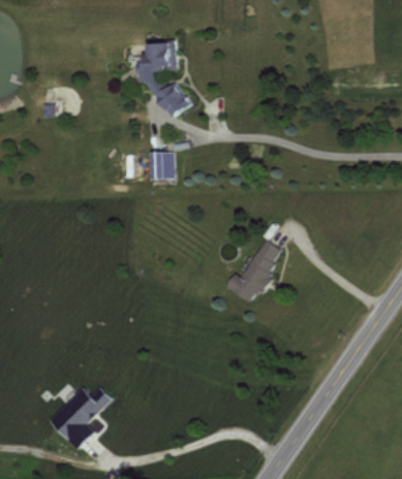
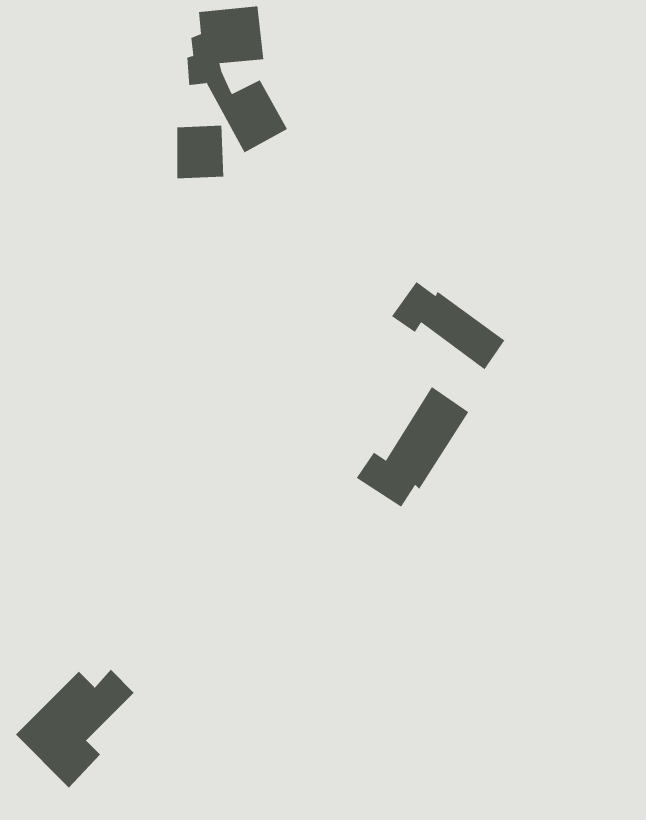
building: [150,152,175,180] -> [176,125,224,179]
building: none -> [391,281,505,370]

